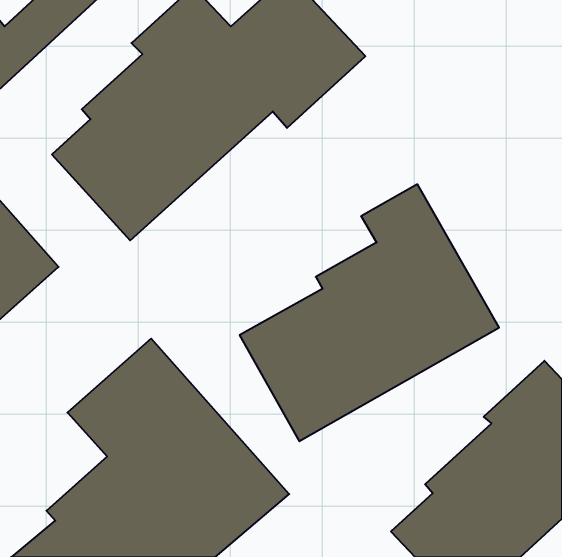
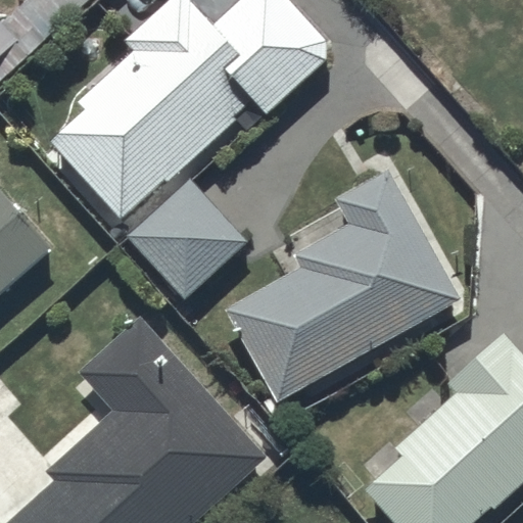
building: none -> [124,176,249,301]

